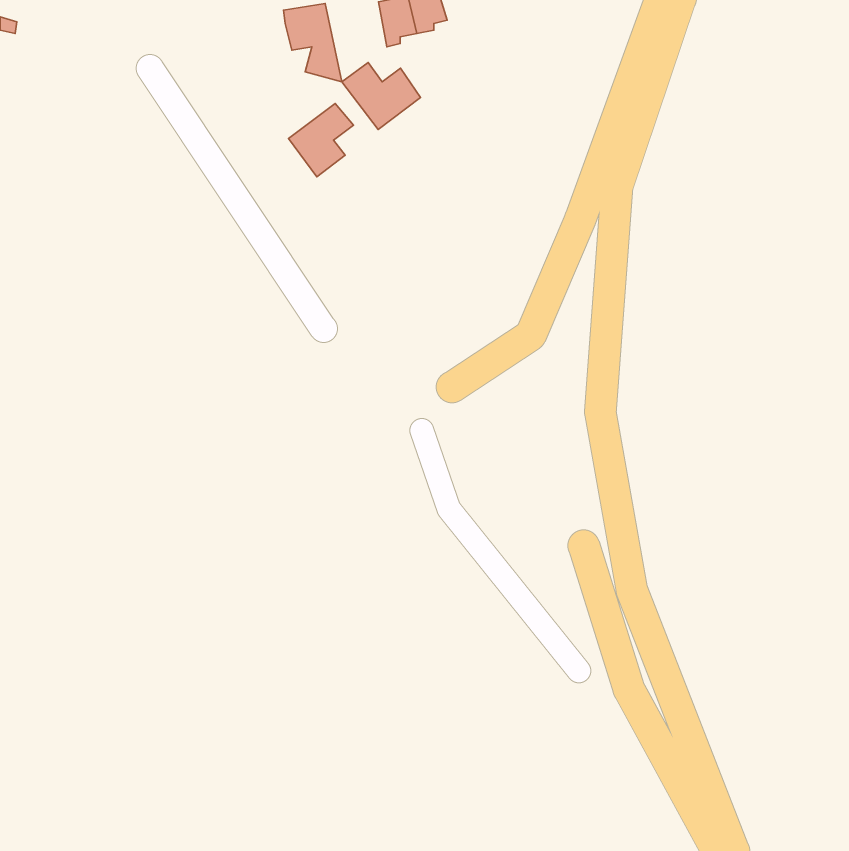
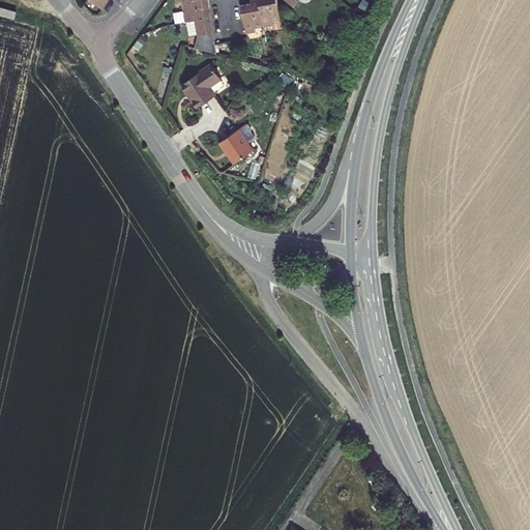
building: [342,63,421,129] -> none
building: none -> [224,122,258,160]

